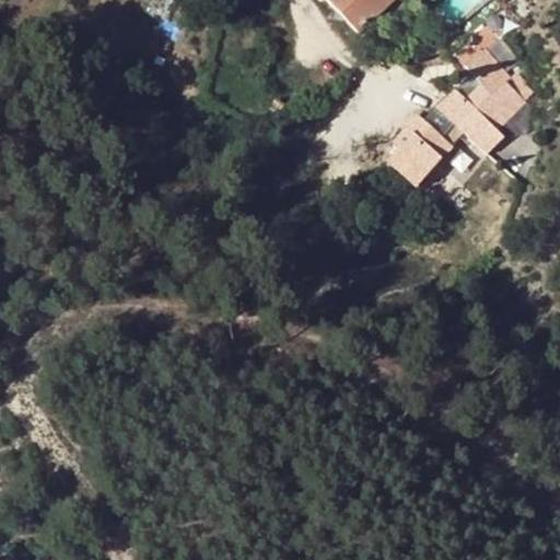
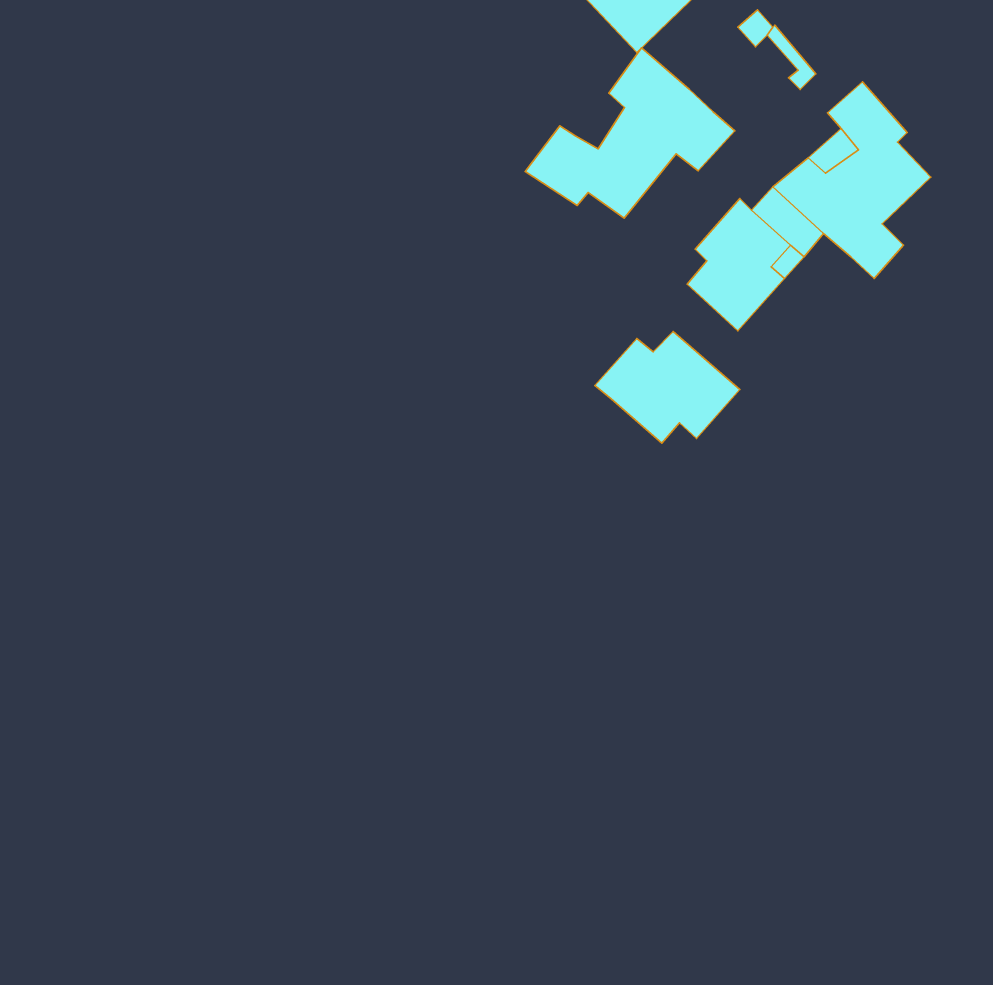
building: none -> [525,48,735,218]
building: none -> [595,332,740,443]

